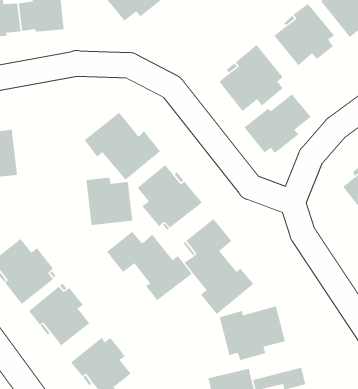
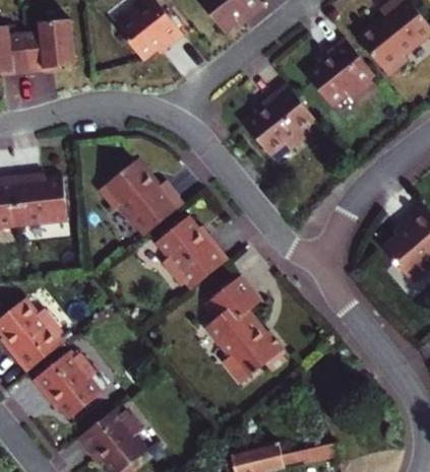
building: [244,94,311,154] -> none
building: [85,177,133,226] -> [16,175,69,228]
building: [106,231,192,301] -> none
building: [219,306,286,361] -> none

